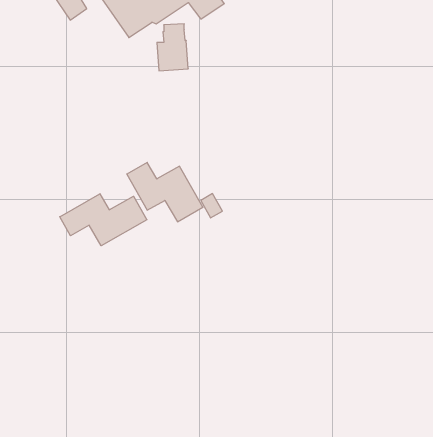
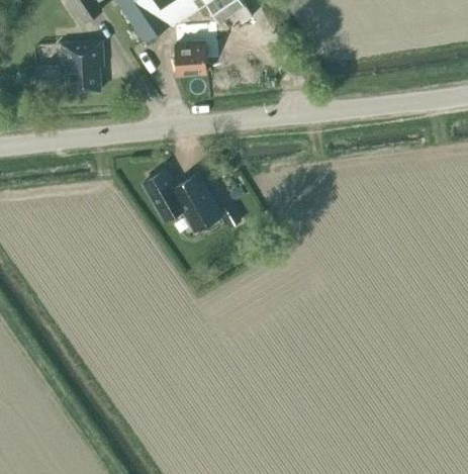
building: none -> [33,42,103,93]
building: [60,194,147,246] -> none

